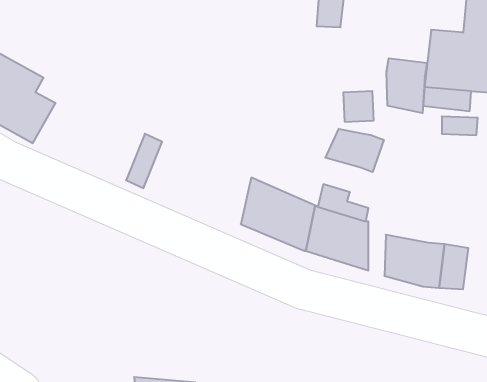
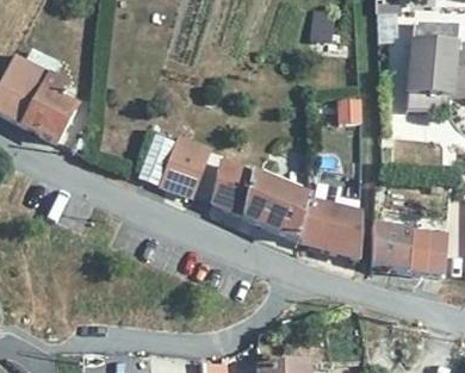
building: [387,58,427,113] -> none
building: [325,129,384,172] -> none
building: none -> [160,135,211,198]
building: none -> [212,162,252,215]

